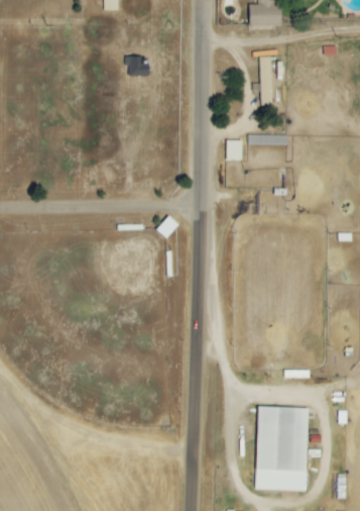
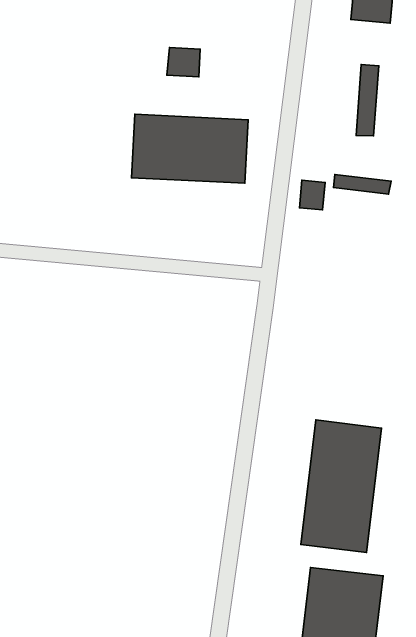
building: none -> [132,114,248,183]
building: none -> [301,420,381,553]

